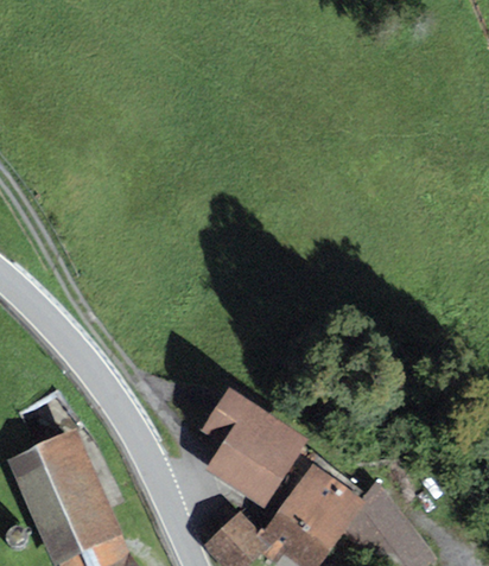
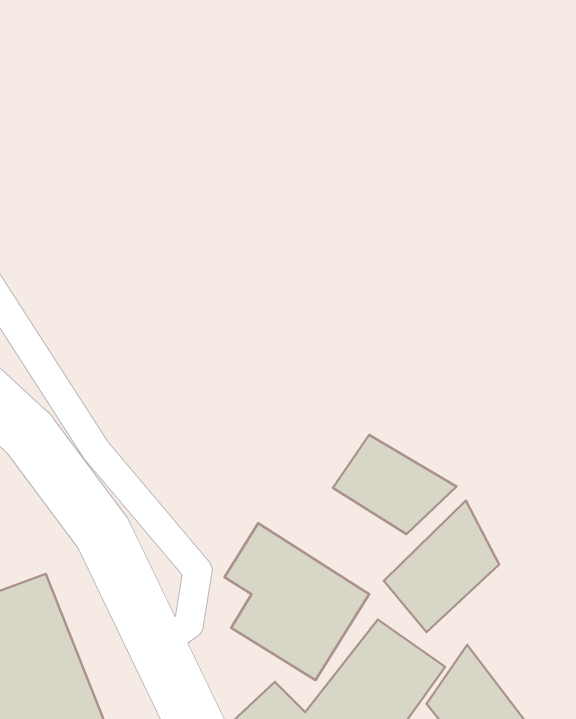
building: none -> [333,435,456,534]
building: none -> [384,500,499,632]

